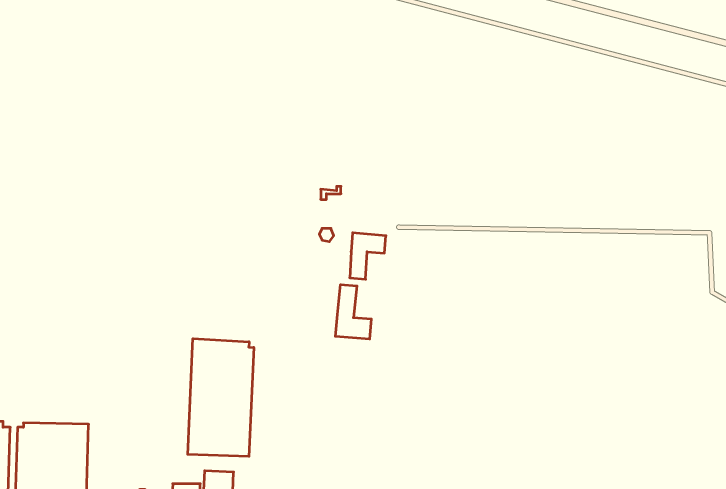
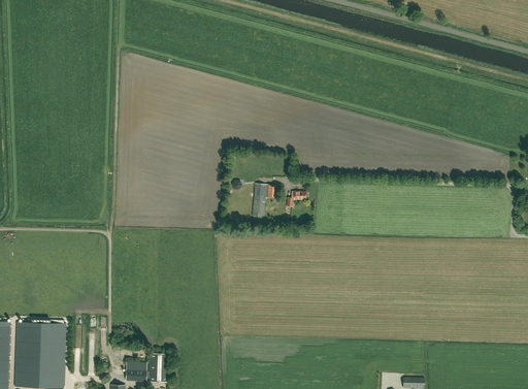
building: [335,285,371,339] -> none
building: [188,339,254,456] -> none

